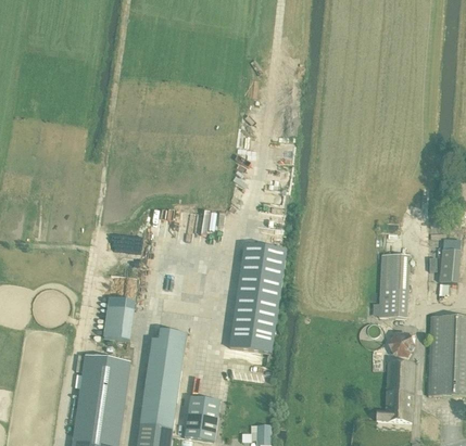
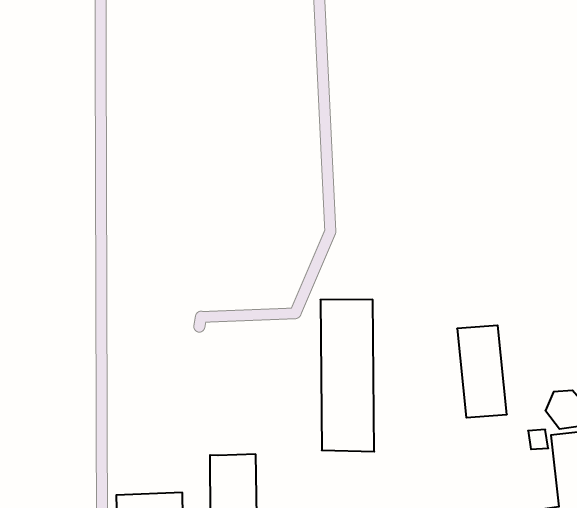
building: [378,254,410,318] -> [457,325,507,418]
building: [102,296,136,341] -> none

